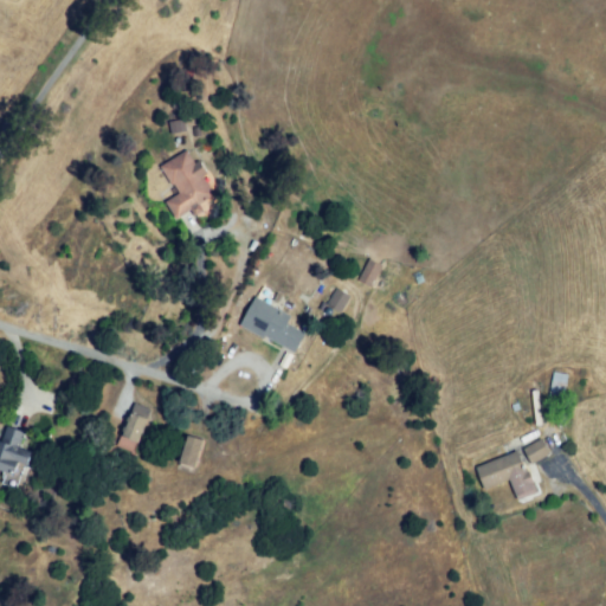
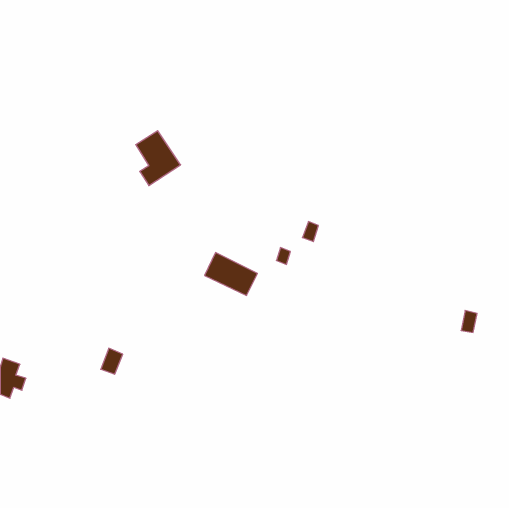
building: [178,437,206,470] -> none
building: [476,439,548,501] -> none

